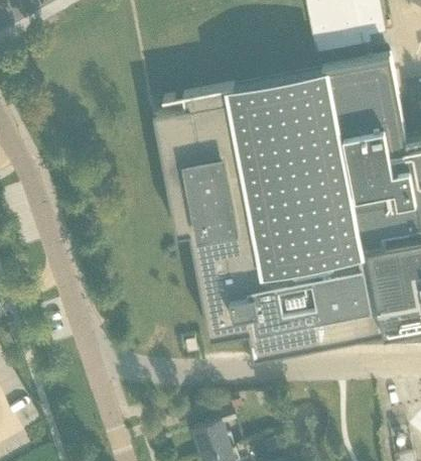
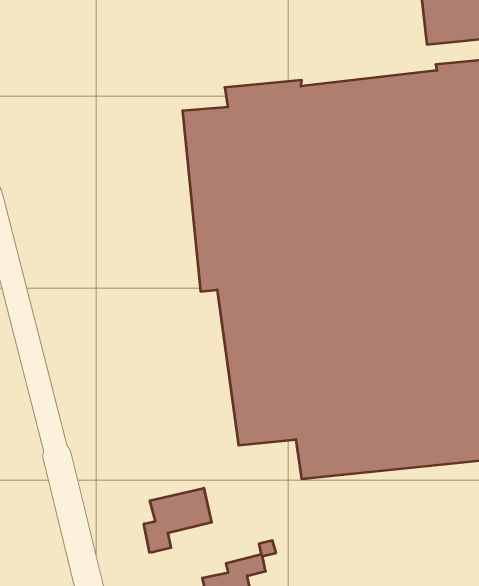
building: none -> [144,488,212,552]

